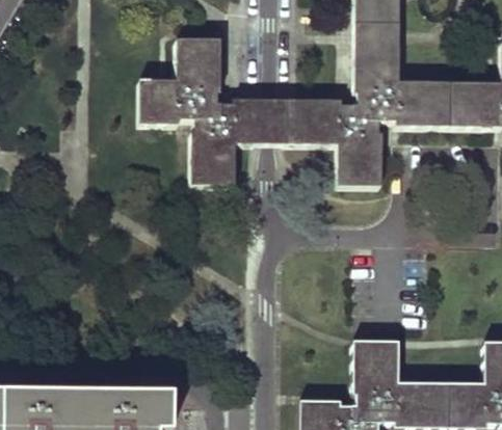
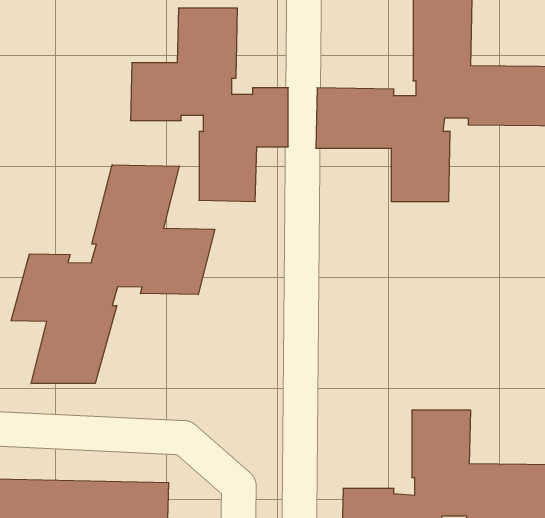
building: [260,98,282,143] -> none
building: none -> [11,165,215,384]

